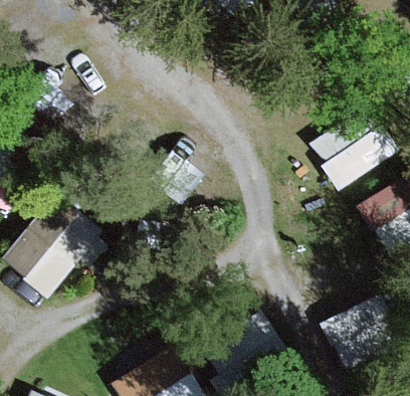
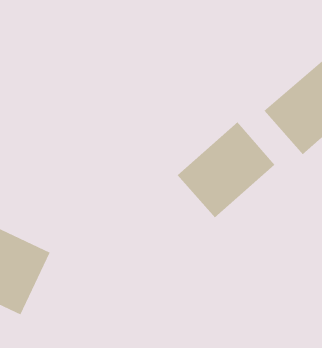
building: none -> [177,121,275,218]

